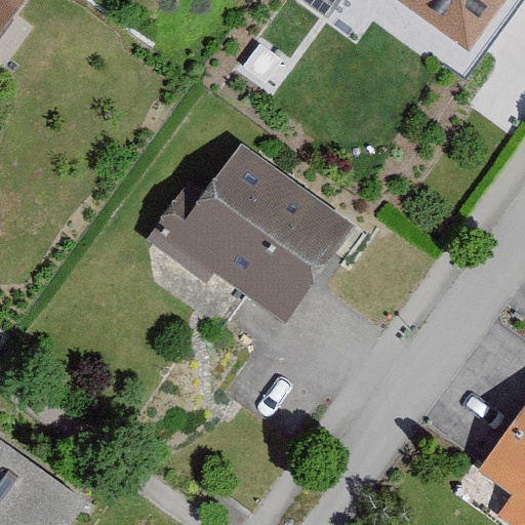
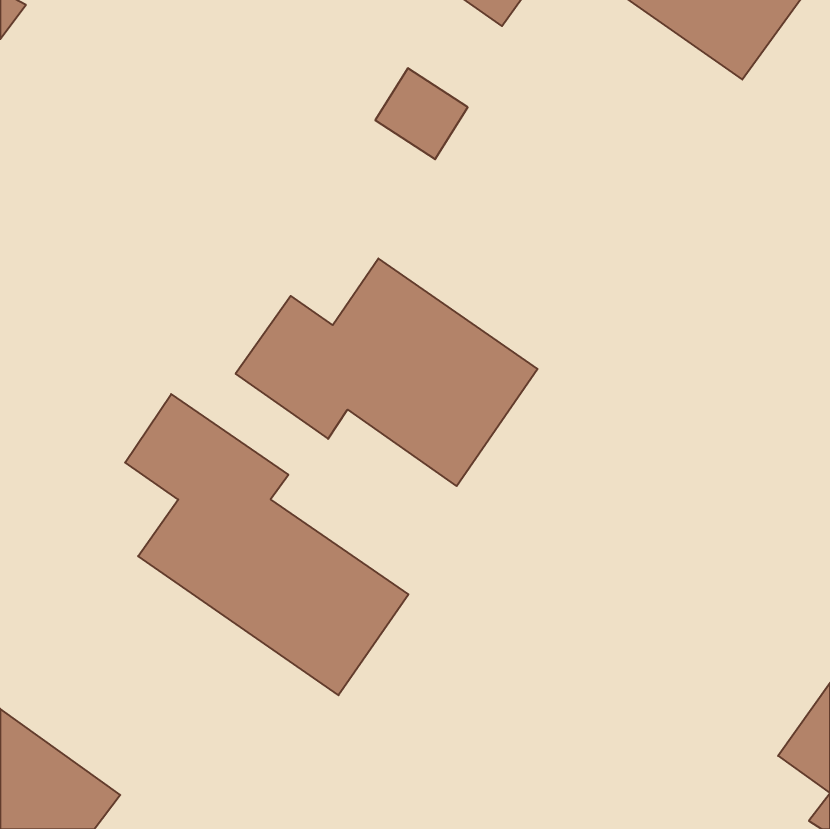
building: none -> [125,394,408,695]

